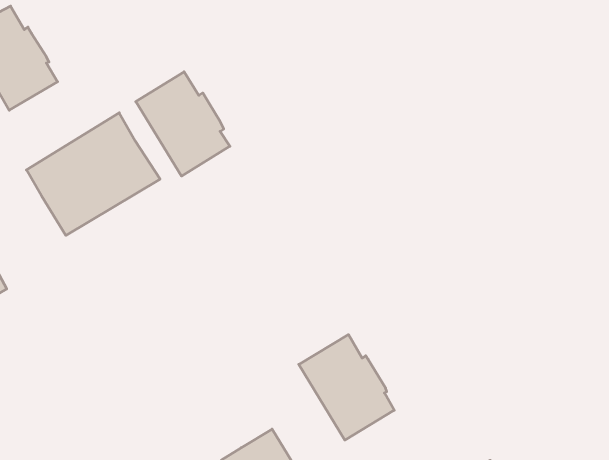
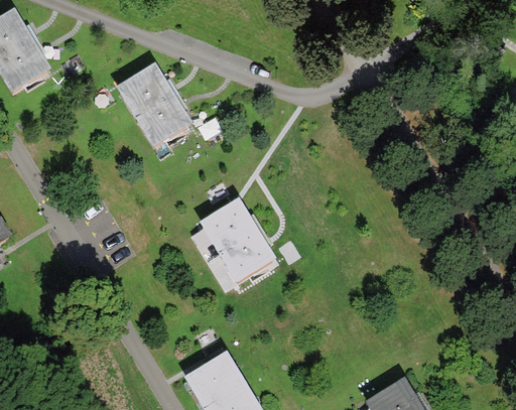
building: [26,113,160,235] -> none
building: [299,335,394,440] -> [198,196,275,282]

